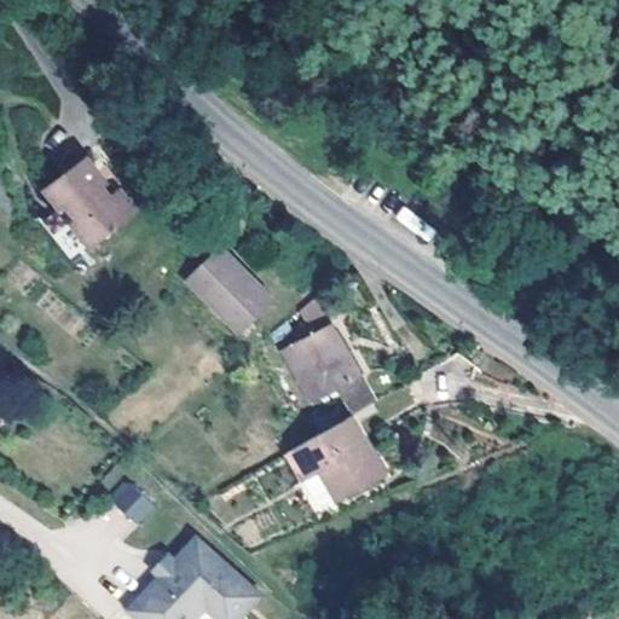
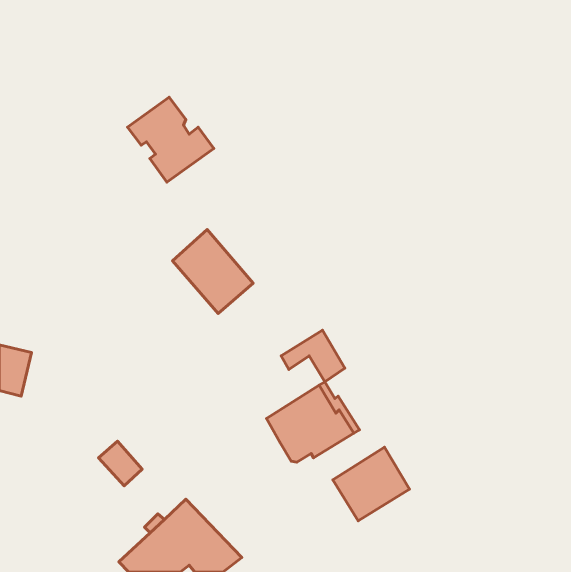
building: [47,154,140,245] -> [128,97,214,182]
building: [282,320,348,384] -> none
building: none -> [333,447,409,521]

